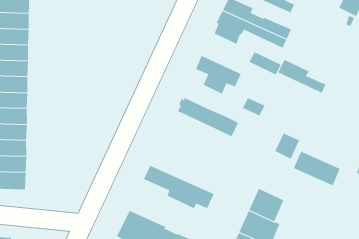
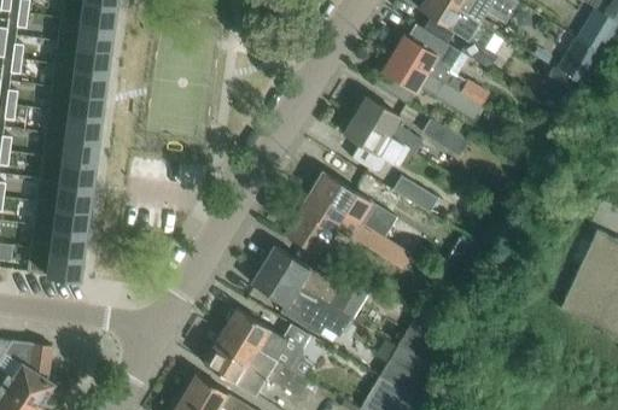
building: [277,59,326,93] -> [355,96,424,152]
building: none -> [285,192,415,268]
building: [293,151,340,186] -> none
building: none -> [263,246,356,317]
building: none -> [226,310,299,369]

